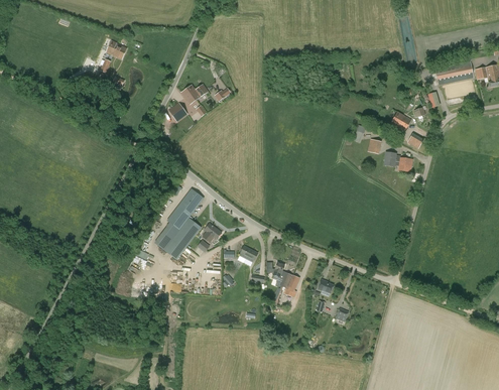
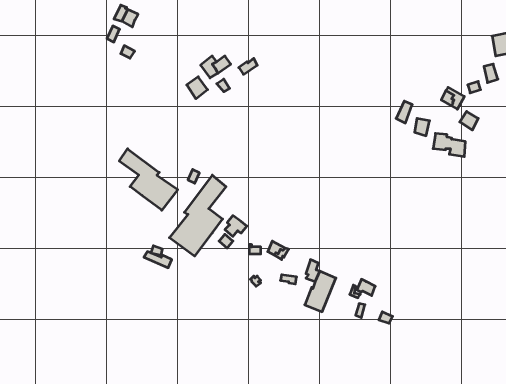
building: none -> [119,149,178,210]

